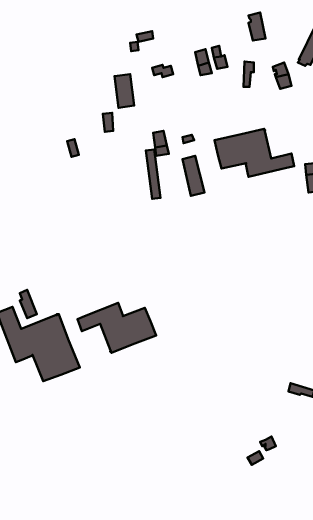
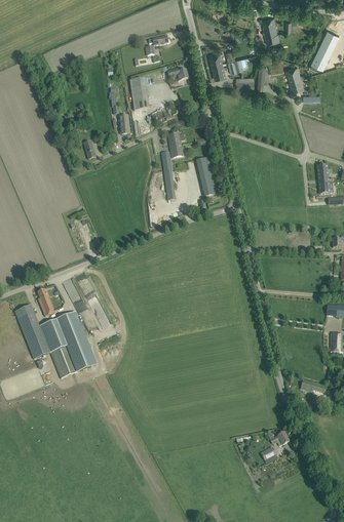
building: [214,129,294,177] -> none
building: [77,303,156,353] -> none

